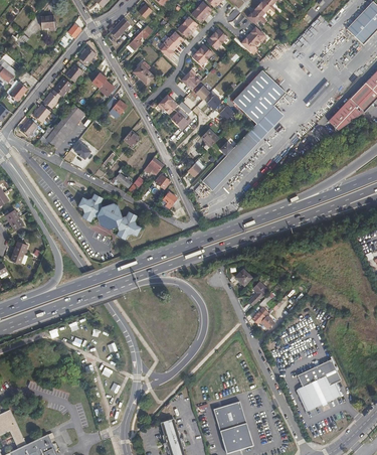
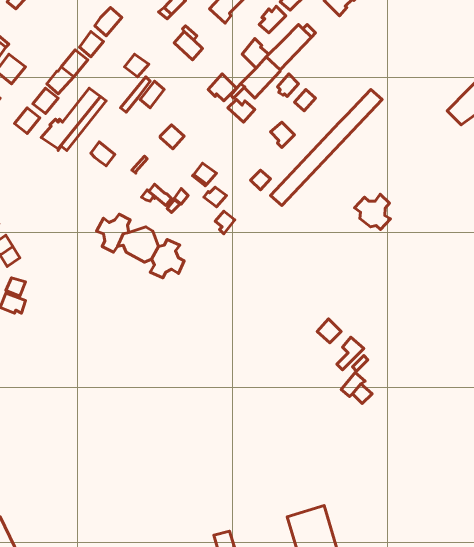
building: [231,70,286,124] -> none
building: none -> [354,194,391,229]
building: [297,360,341,412] -> none

